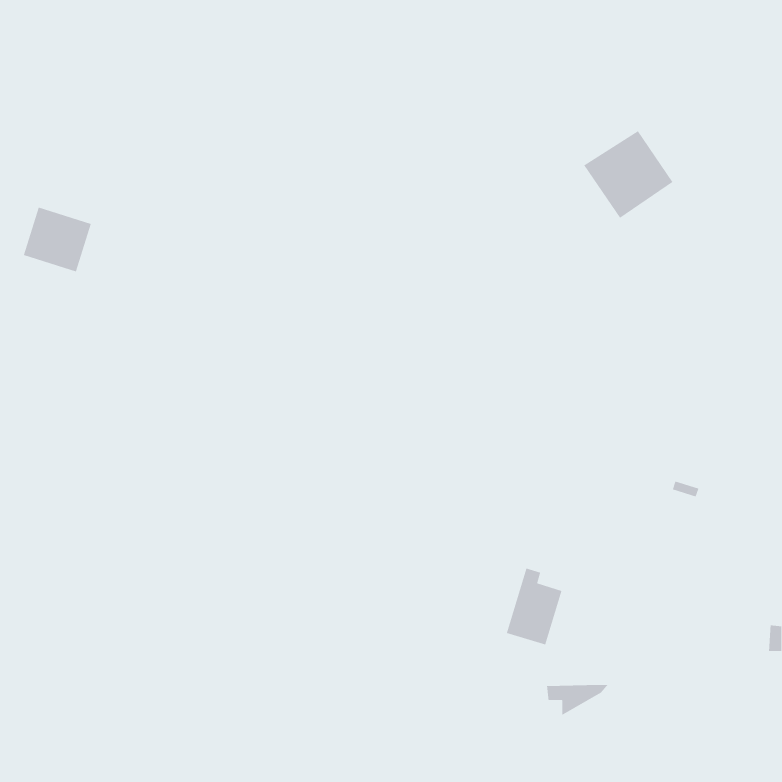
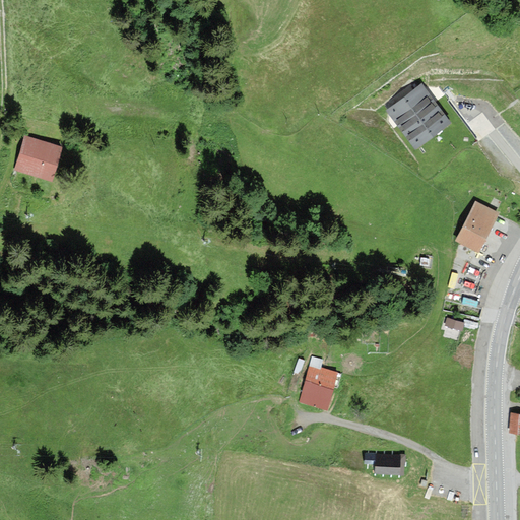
building: none -> [457,204,497,251]
building: [506,568,563,646] -> [300,358,337,409]

